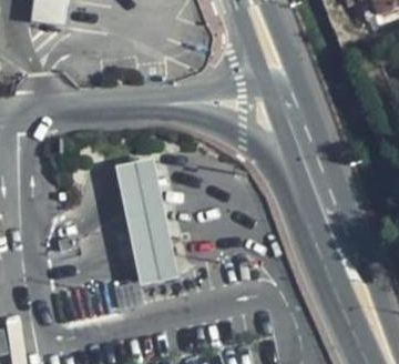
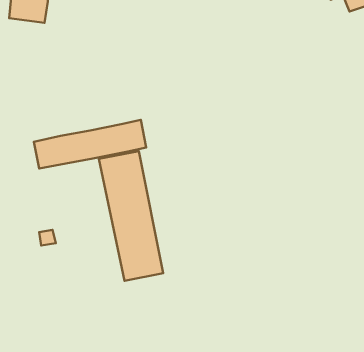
building: none -> [34,120,146,168]

